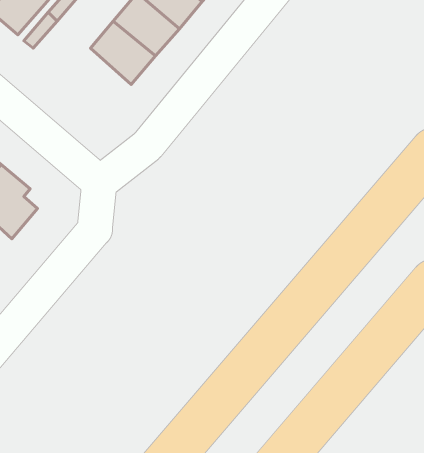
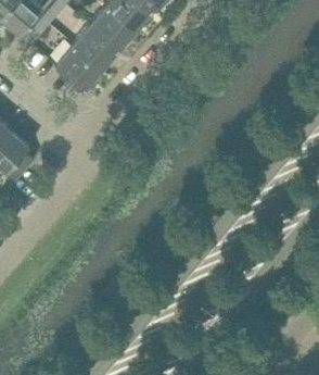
building: none -> [53,45,100,90]

